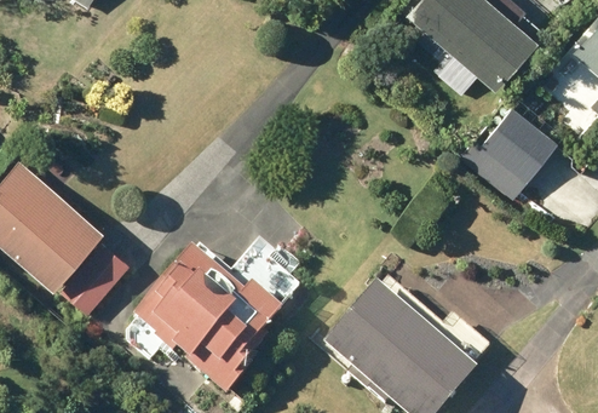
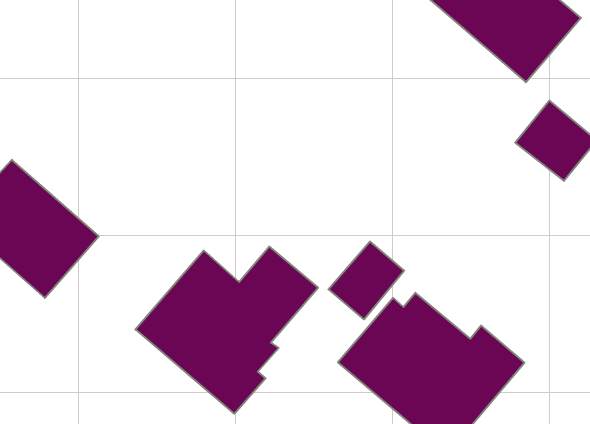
building: none -> [328,241,404,319]
building: [62,242,128,311] -> none

